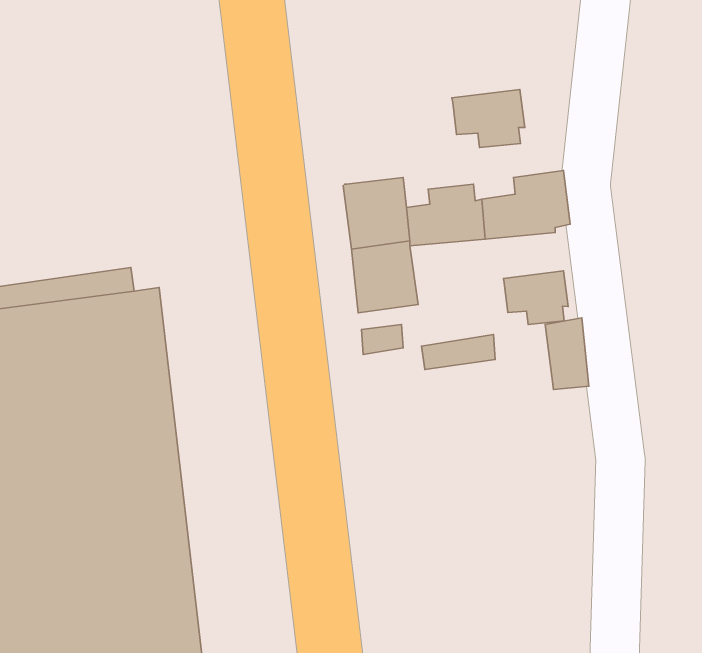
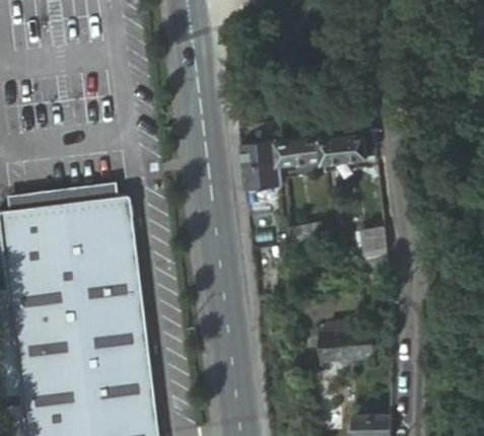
building: [452,89,525,148] -> none
building: [503,271,568,325] -> none
building: none -> [318,329,375,364]

